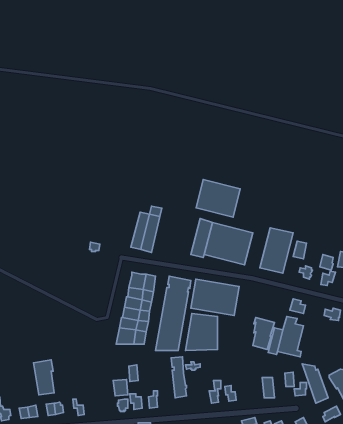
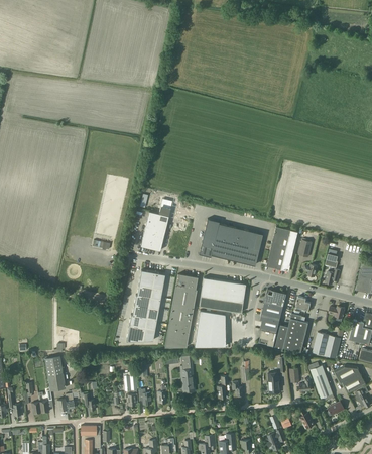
building: [196,180,240,217] -> none
building: none -> [262,289,286,320]
building: none -> [313,332,341,358]

